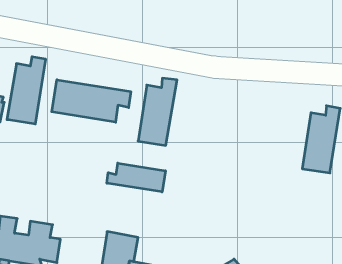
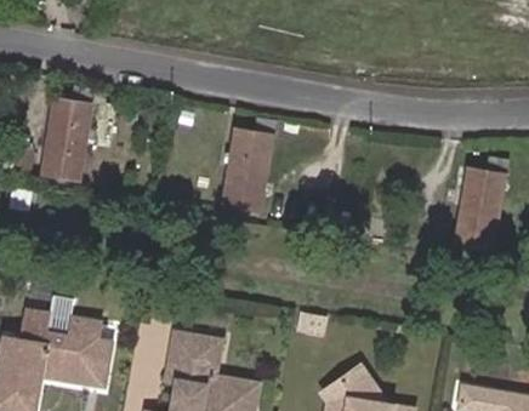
building: [52,80,131,122] -> none
building: [107,163,165,192] -> none

